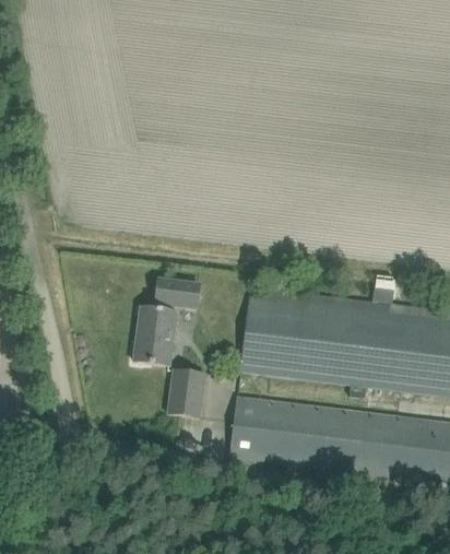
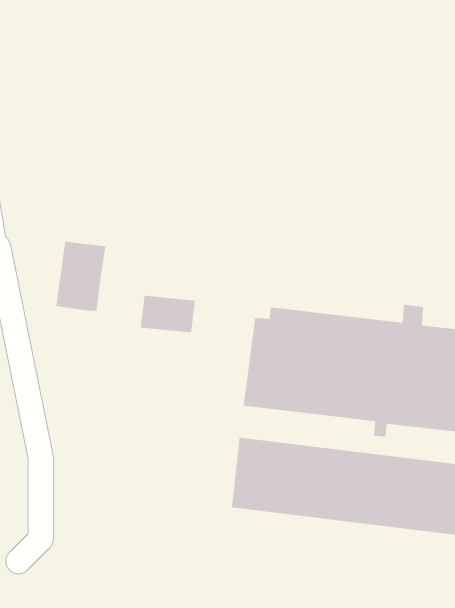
building: [132,305,175,364] -> [55,241,106,311]
building: [166,368,203,416] -> none

